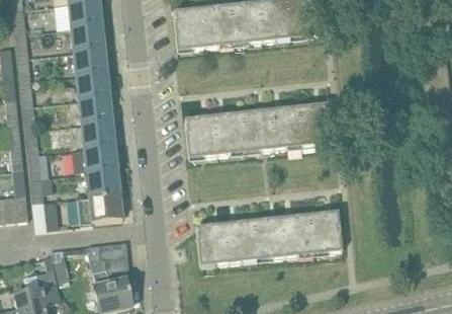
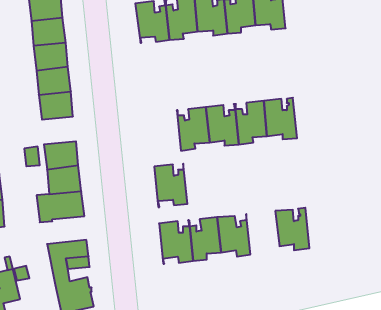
building: [185,114,217,157] -> [154,164,187,207]
building: [82,121,115,148] -> none
building: [281,213,313,255] -> none

